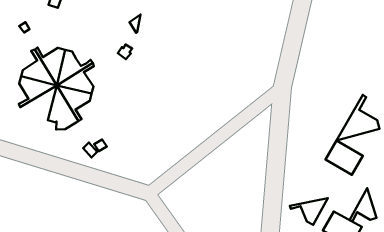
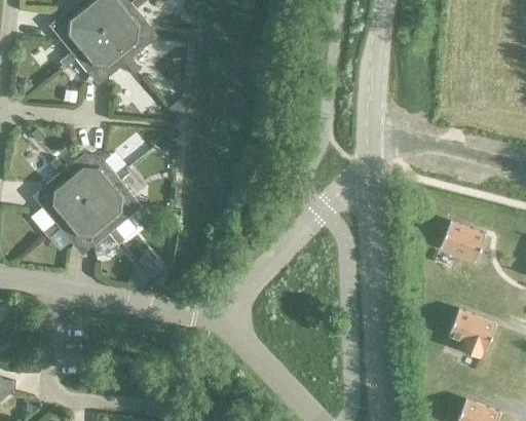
building: none -> [46,202,88,247]
building: [336,95,380,141] -> none
building: [349,188,376,221] -> none
building: [290,198,328,225] -> none

